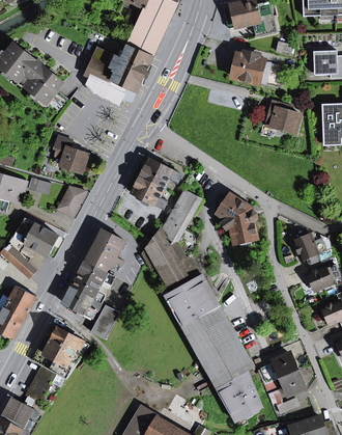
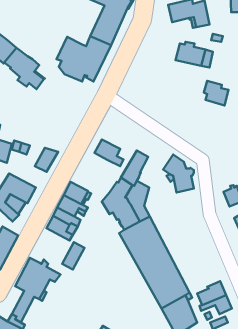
building: [53,135,87,172] -> none
building: [140,158,180,187] -> none
building: [62,287,101,318] -> none

